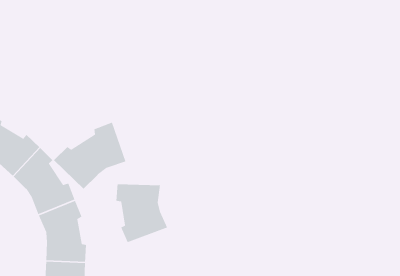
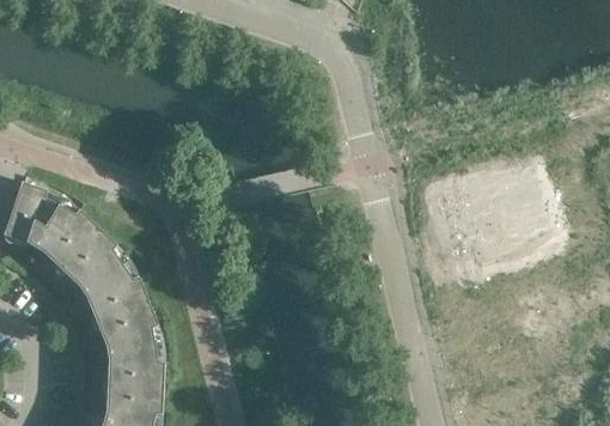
building: [53,121,127,190] -> none
building: [115,184,168,243] -> none

